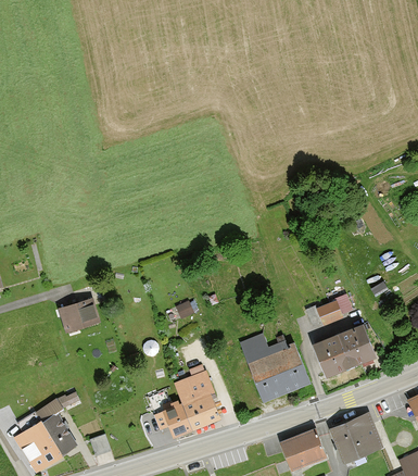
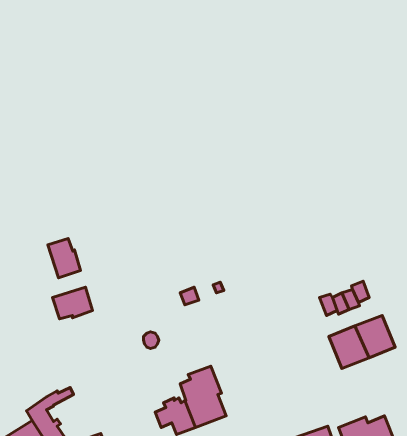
building: none -> [48,239,81,278]
building: [241,335,309,400] -> none

